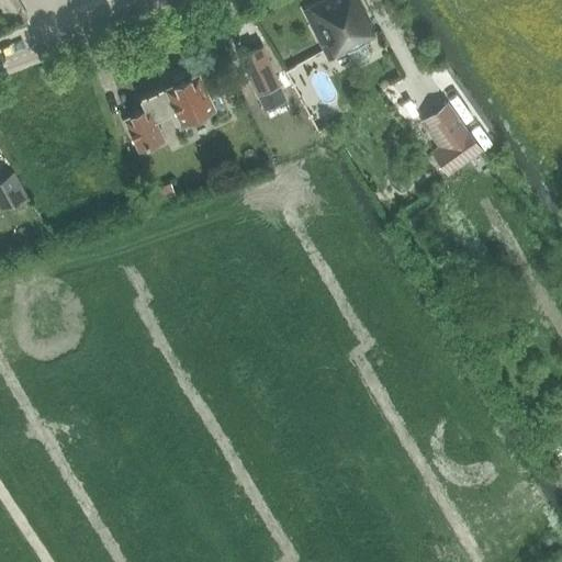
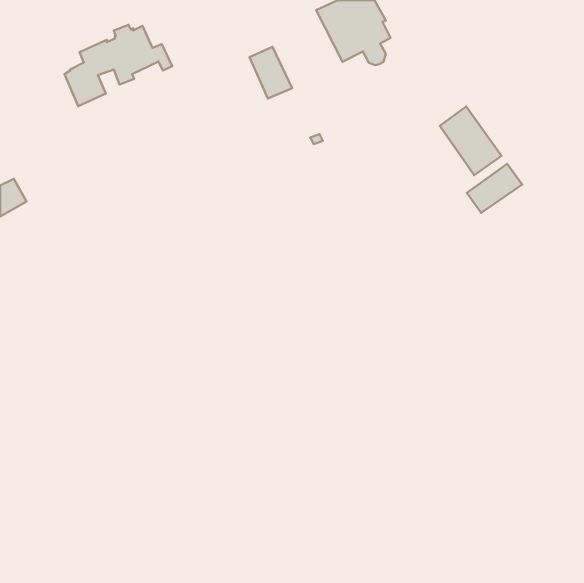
building: [125,74,228,151] -> [64,25,172,106]
building: none -> [467,164,522,213]

